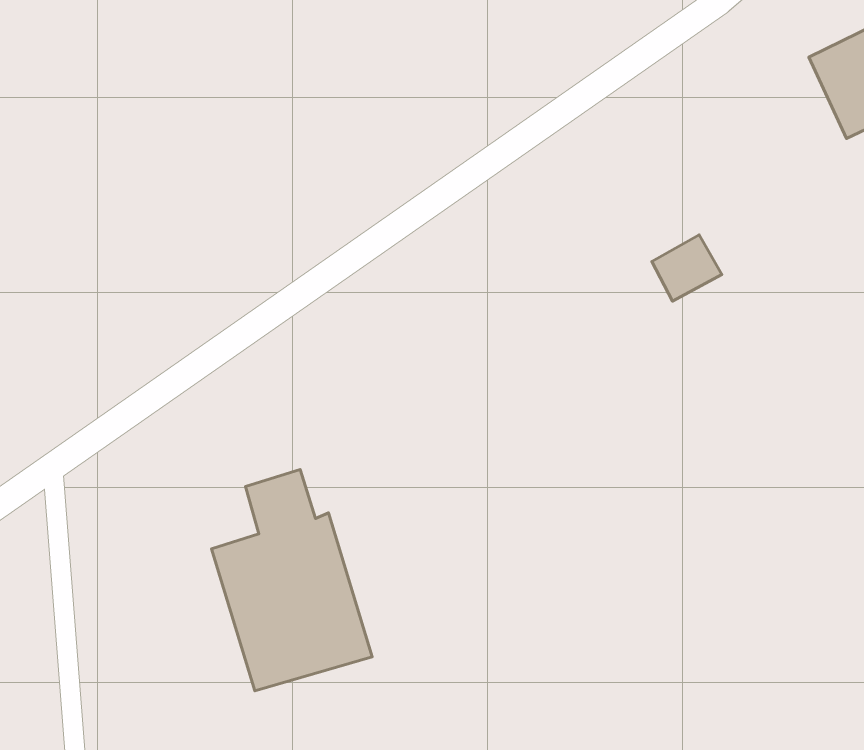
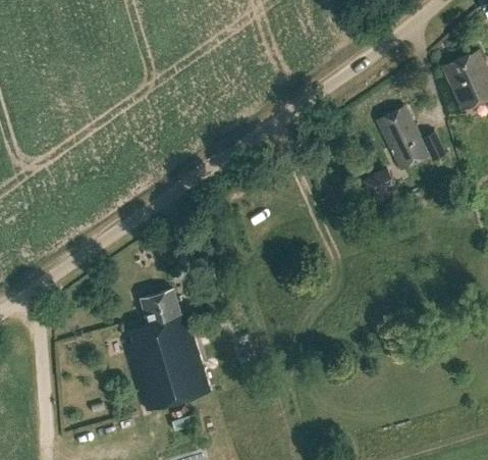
building: none -> [377,107,447,168]

